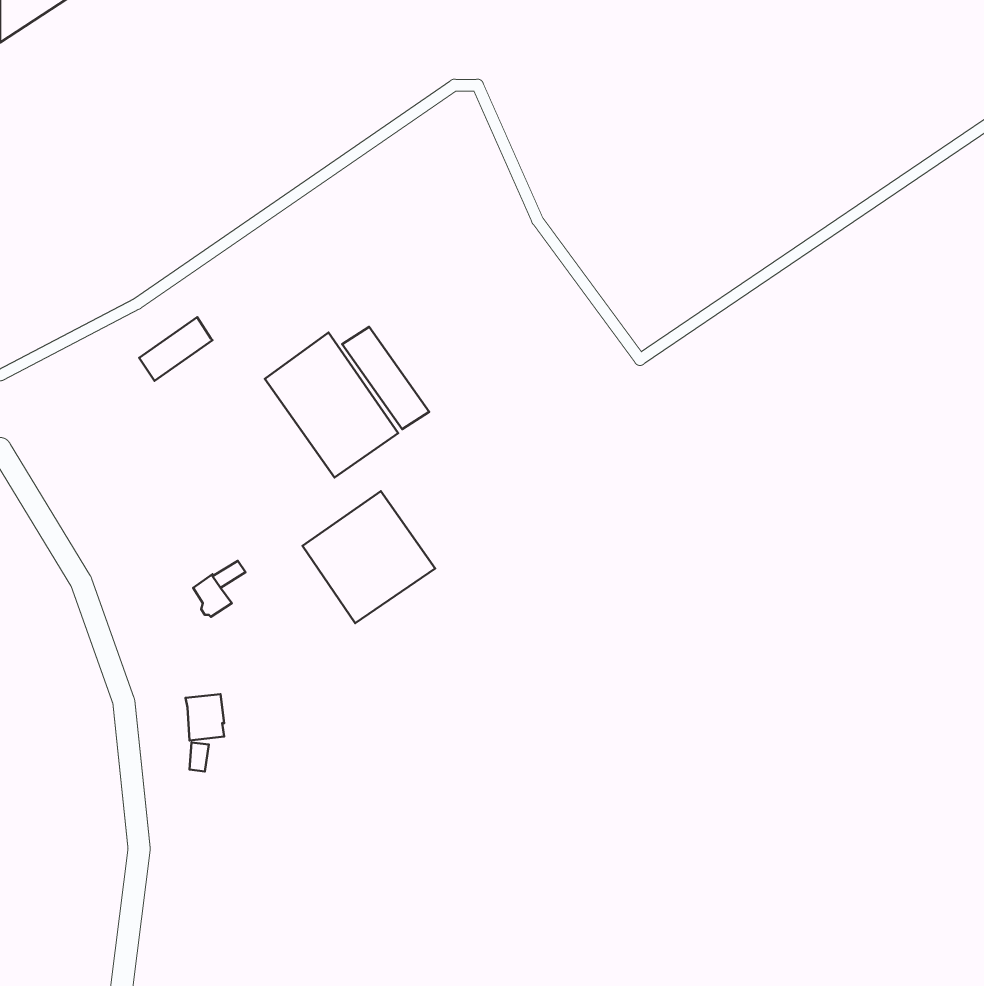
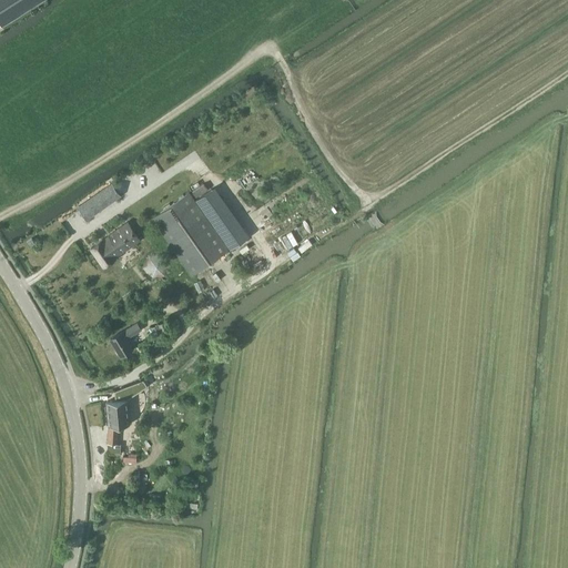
building: none -> [90,220,143,265]
building: [302,491,435,623] -> none

